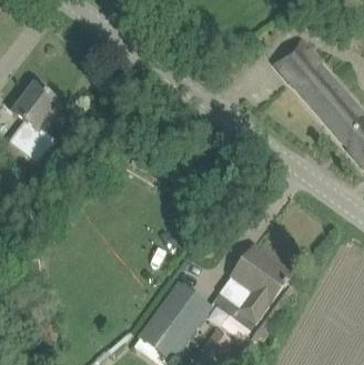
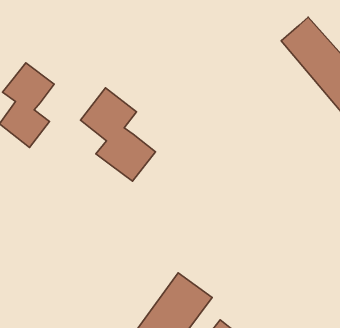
building: none -> [81,88,155,181]
building: [219,247,291,324] -> none

